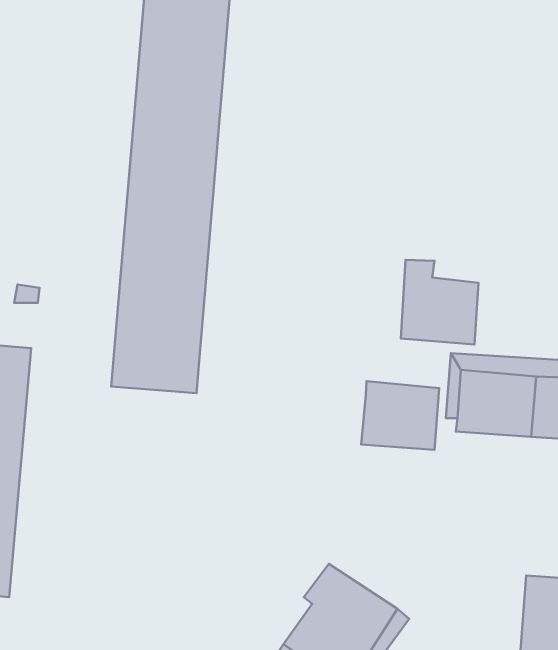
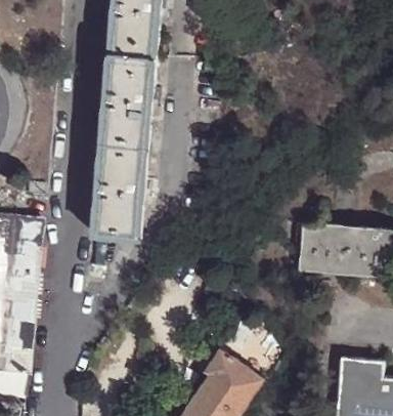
building: [401,260,478,344] -> none
building: [361,381,439,450] -> none

